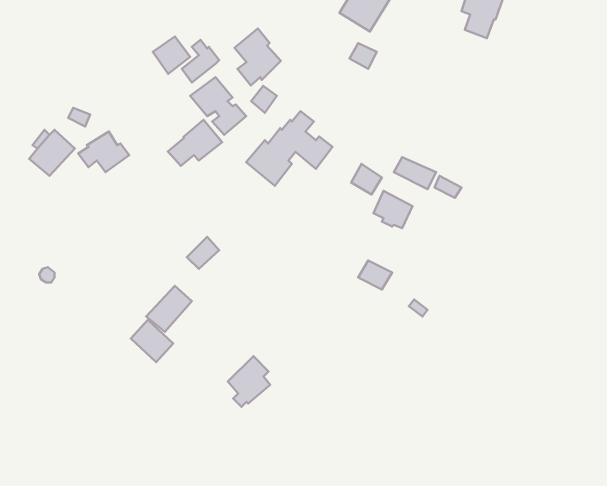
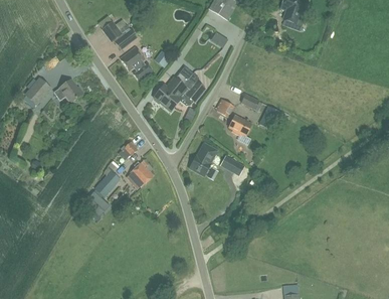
building: [235,29,281,86] -> none
building: [168,120,222,166] -> none
building: none -> [188,143,216,175]
building: [228,356,270,407] -> [129,158,154,188]

